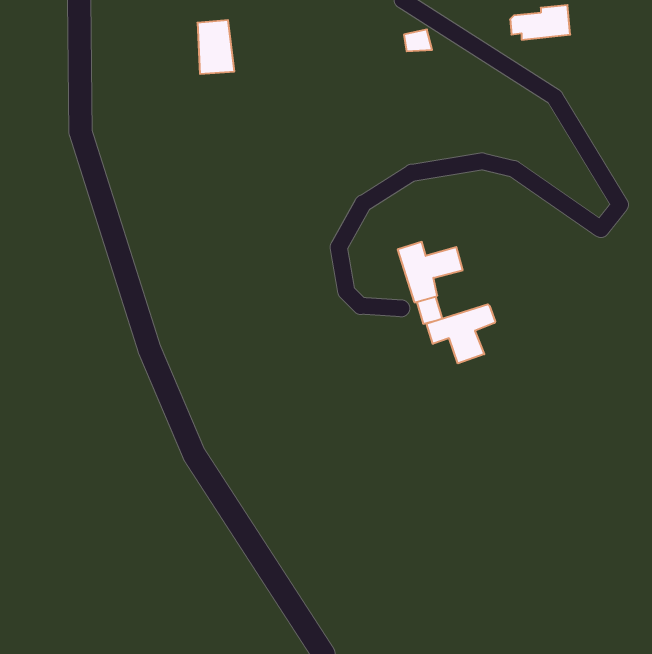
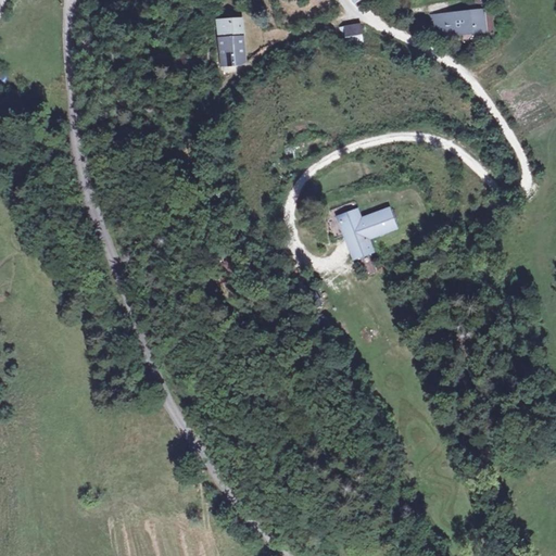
building: [197,20,234,74] -> [215,20,247,65]
building: [427,304,495,363] -> none

